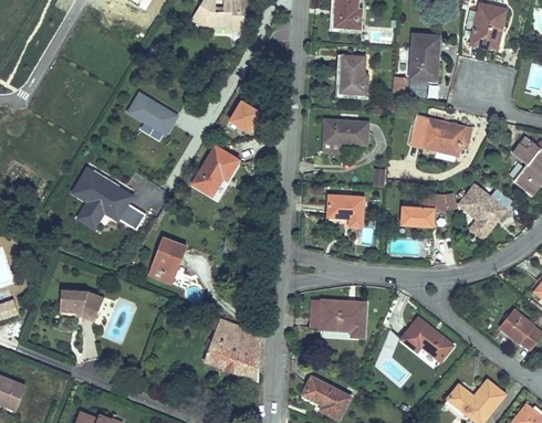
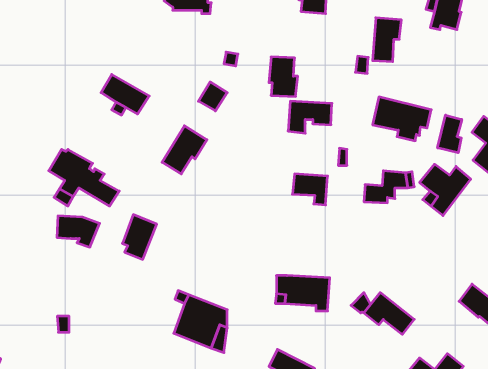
building: [338,55,368,96] -> [269,57,298,96]
building: none -> [438,115,462,153]
building: [60,289,104,321] -> [57,216,100,247]

